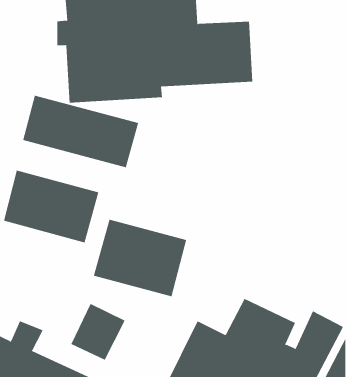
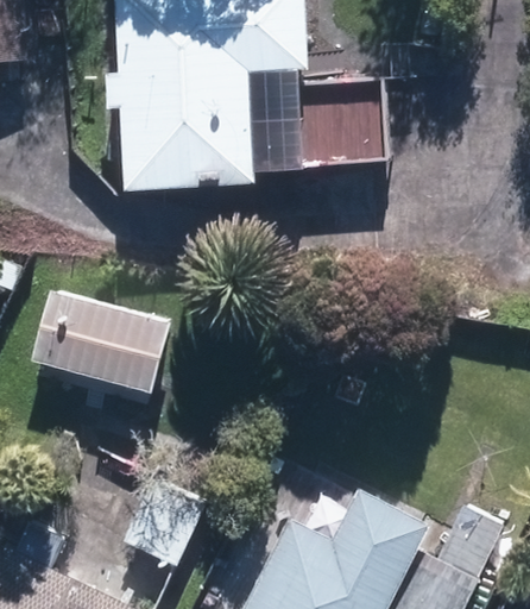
building: [23,95,139,168] -> none
building: [93,219,187,297] -> none

